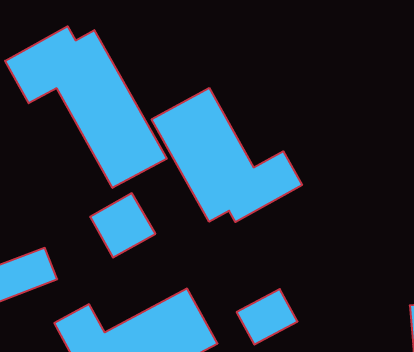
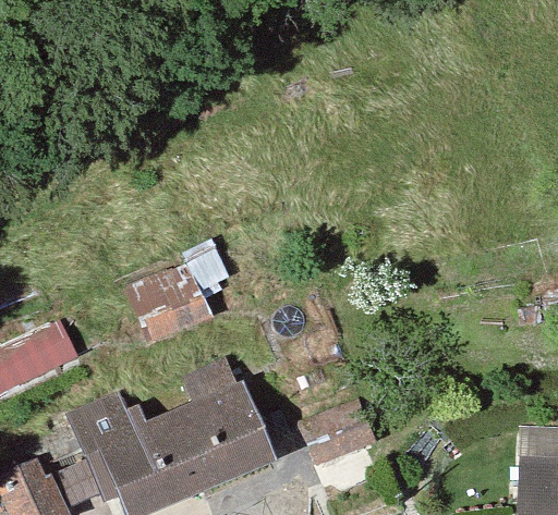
building: [5,26,167,188] -> none
building: [152,88,302,222] -> none

